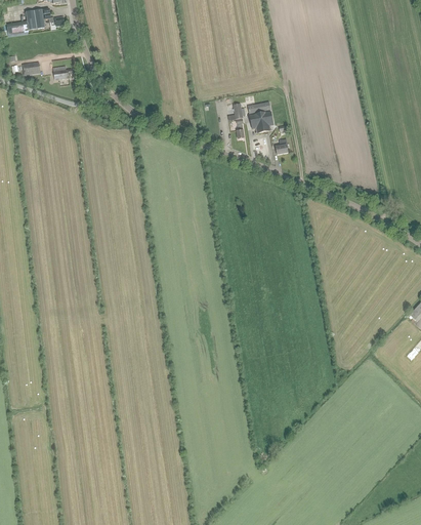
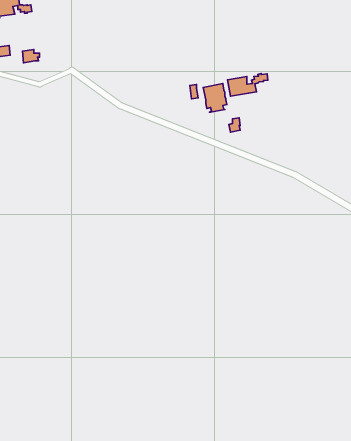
building: none -> [228,74,268,96]

